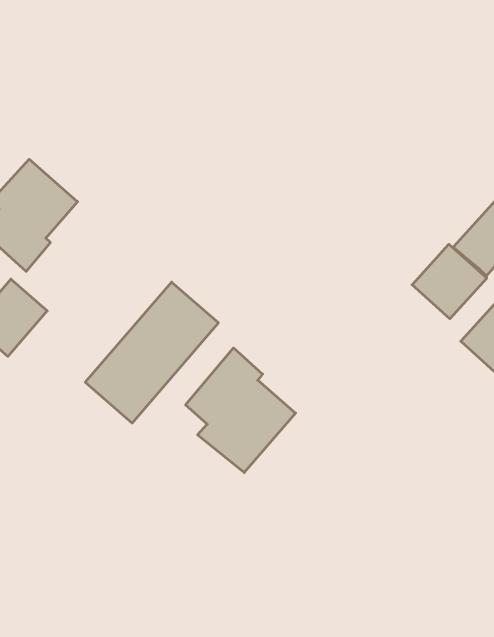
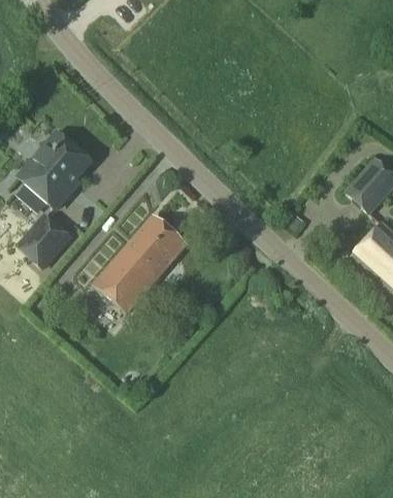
building: [412,244,487,319] -> none
building: [186,348,296,473] -> none

